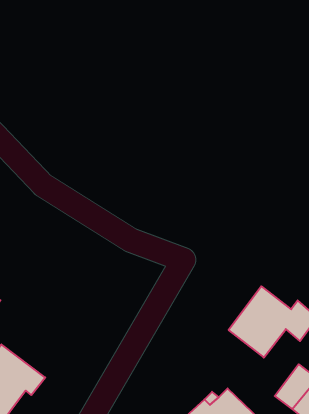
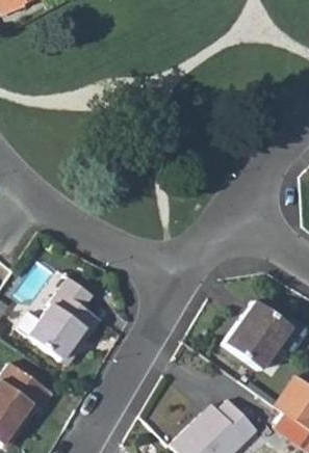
building: none -> [28,274,98,357]

